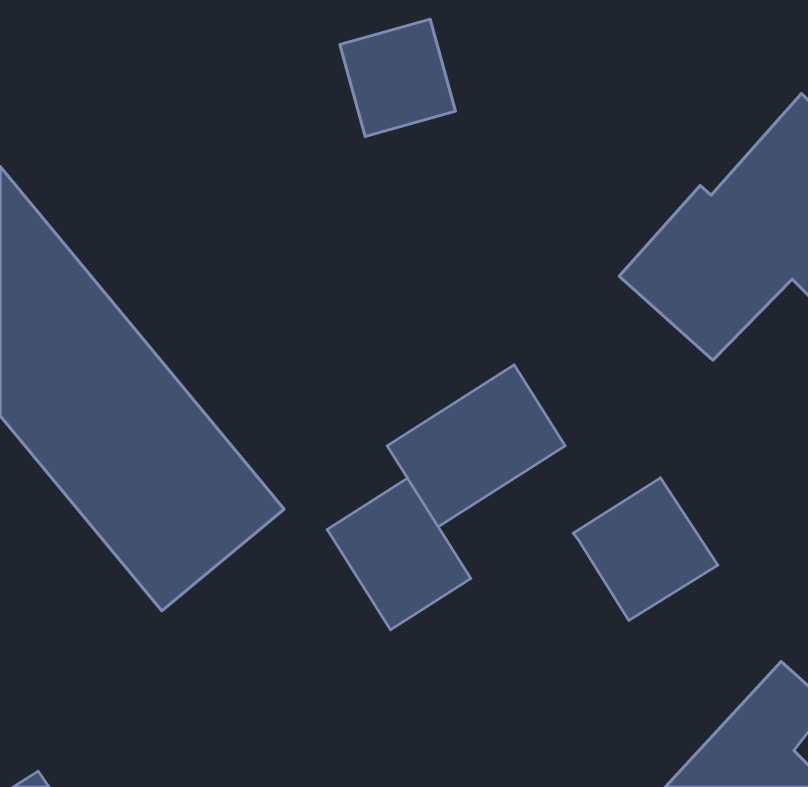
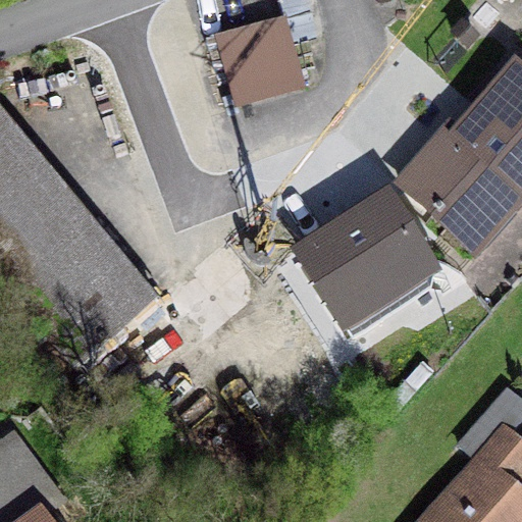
building: [573,478,718,621] -> [329,195,422,286]
building: [327,478,471,630] -> none

